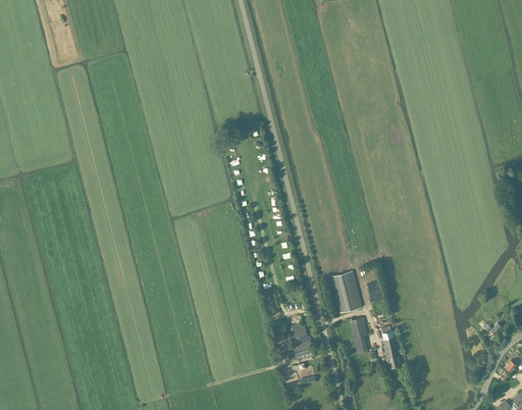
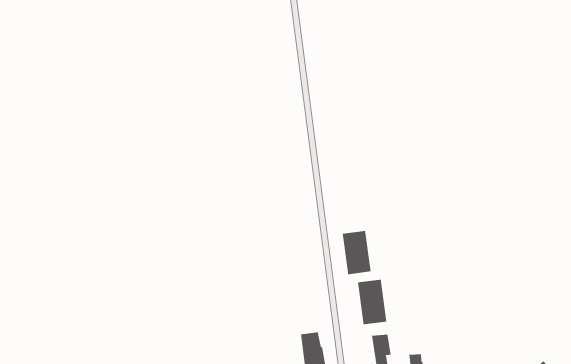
building: none -> [342,230,371,275]

